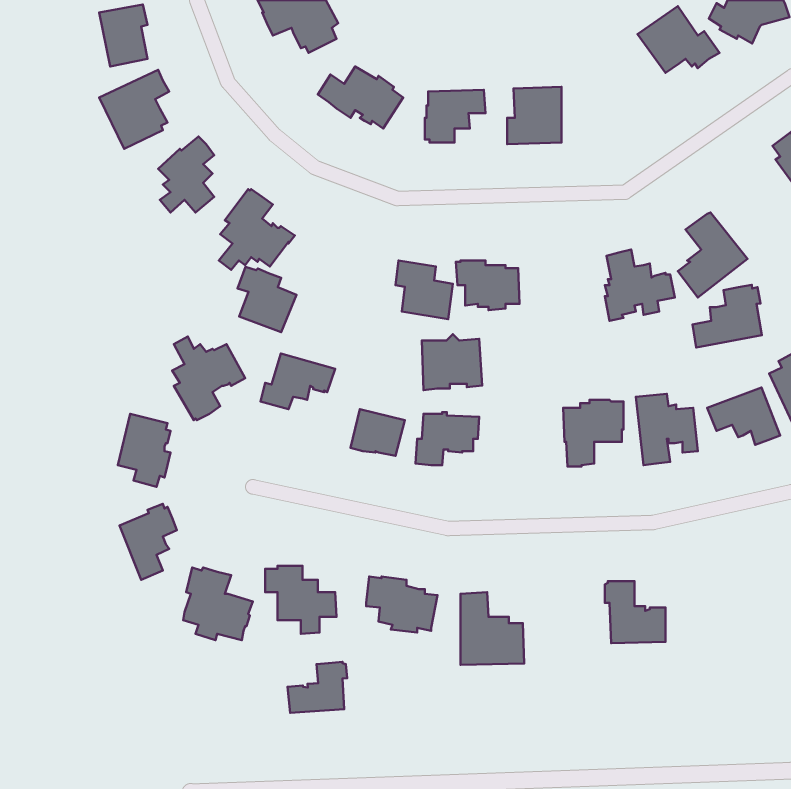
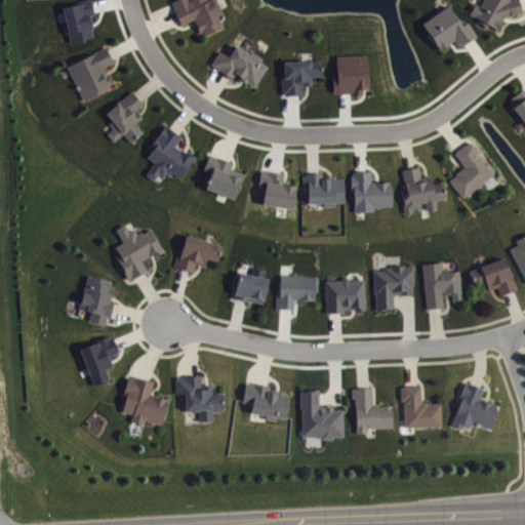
building: none -> [352,172,393,212]
building: [238,267,297,332] -> [204,156,243,199]
building: [692,285,762,348] -> none
building: [422,334,482,390] -> [325,277,365,314]
building: none -> [452,383,497,430]
building: none -> [352,389,392,434]
building: [288,662,347,713] -> none

